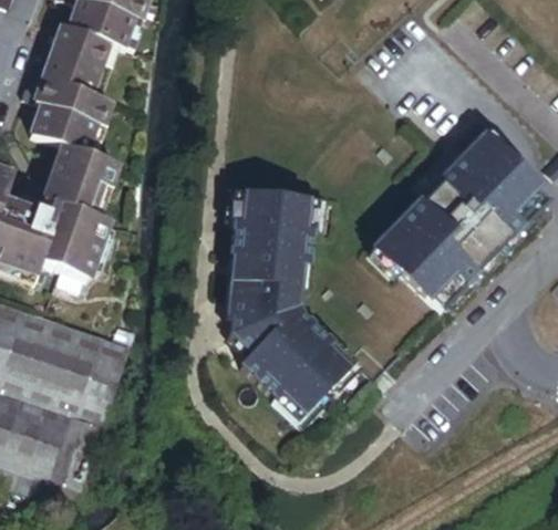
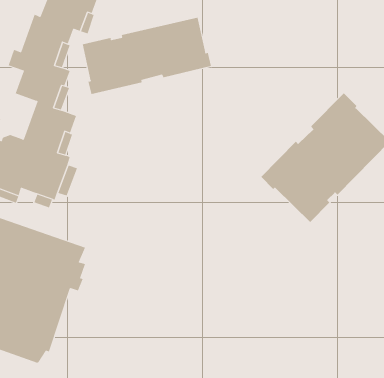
building: none -> [82,17,212,95]
building: [224,187,355,419] -> none

